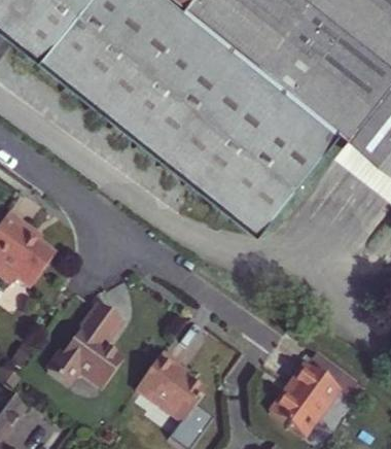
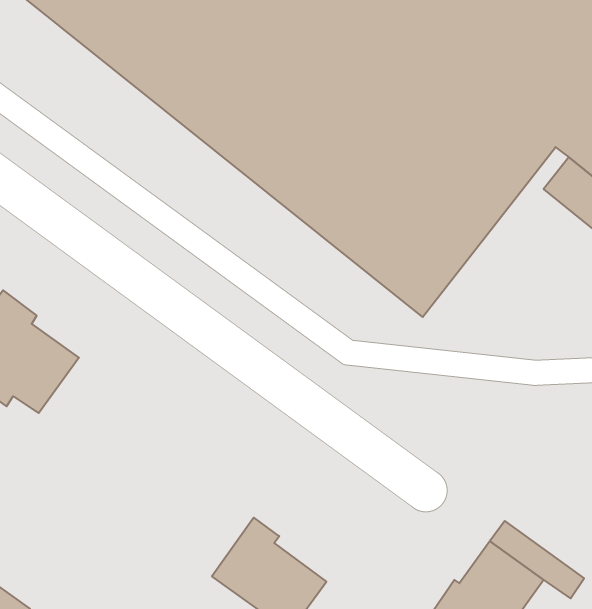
building: [44,308,120,391] -> none

